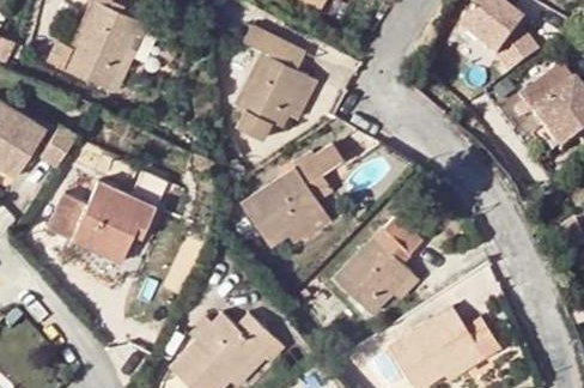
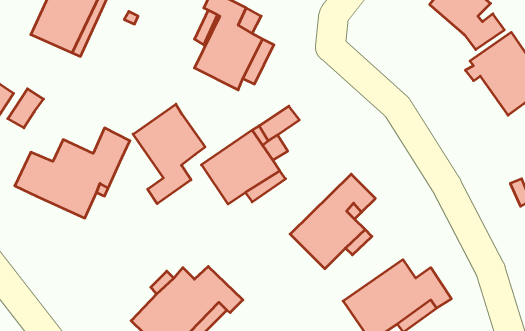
building: none -> [133,104,205,204]

